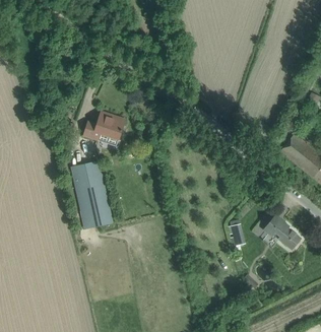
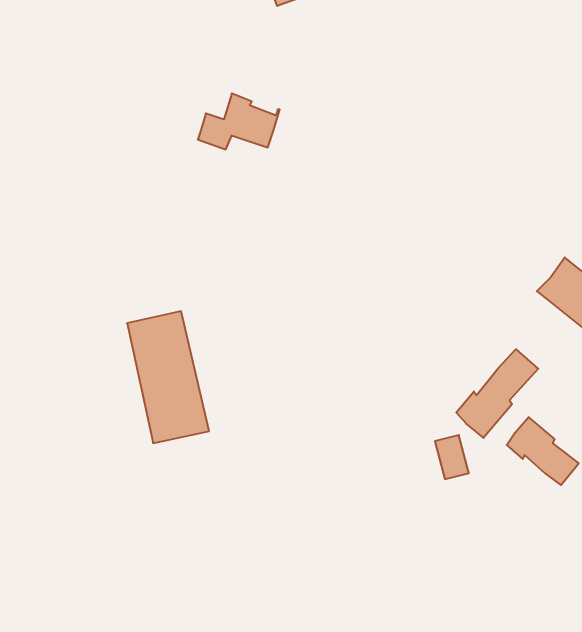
building: [83,112,125,140] -> [198,93,280,149]
building: none -> [456,349,538,438]

